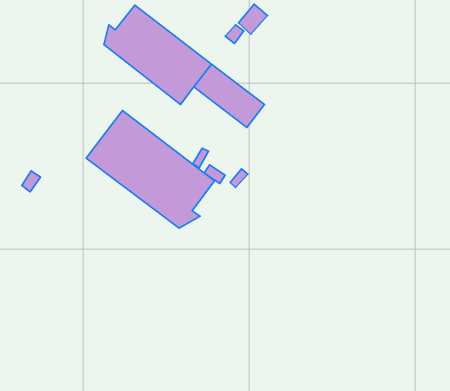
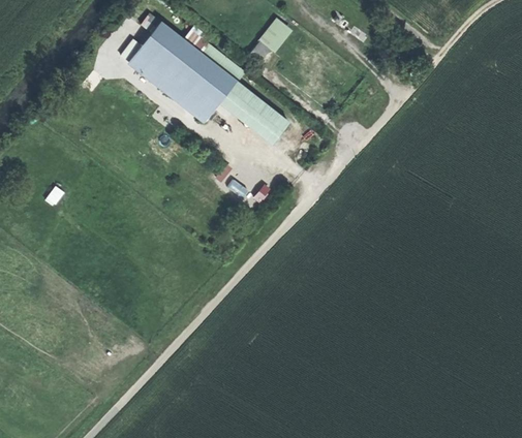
building: [86,110,214,228] -> none

